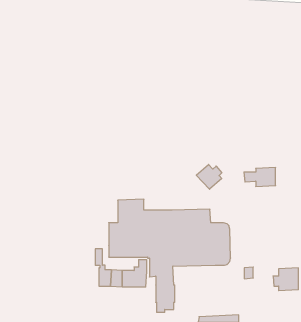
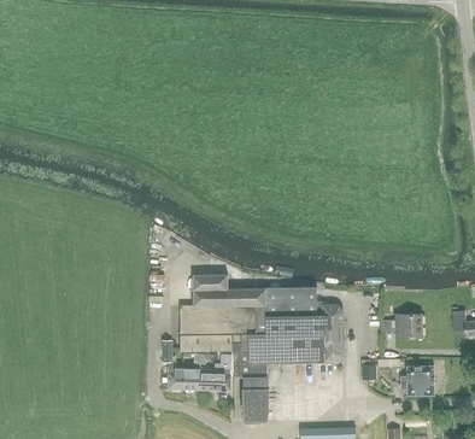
building: [196,164,222,189] -> none
building: [244,168,276,186] -> [379,312,421,338]

